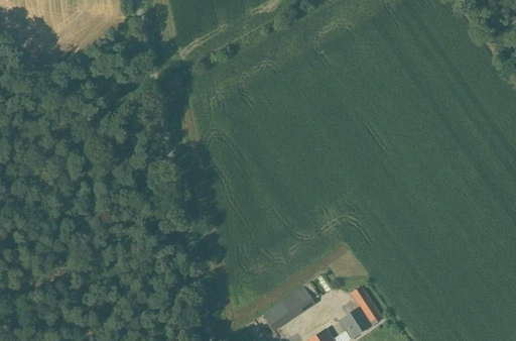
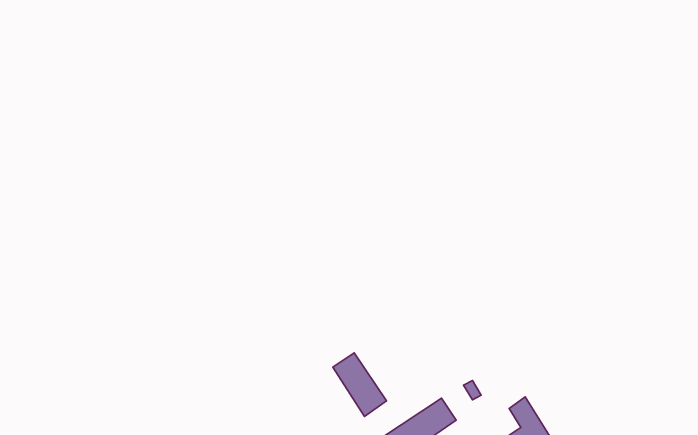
building: none -> [333,353,387,416]

